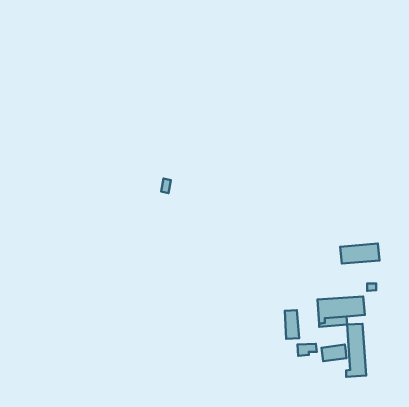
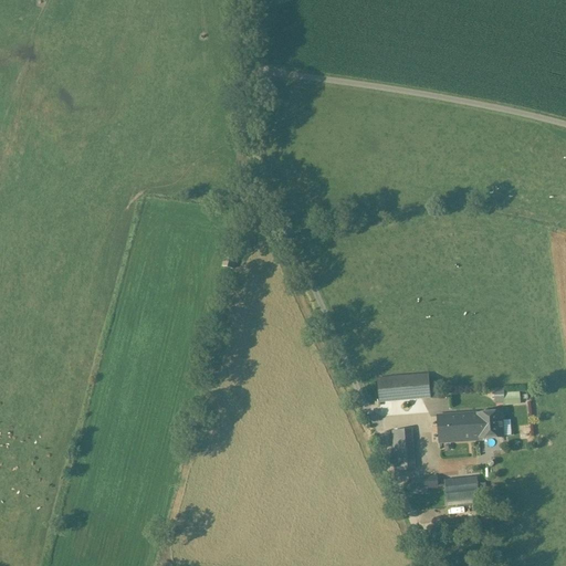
building: [340,244,380,264] -> [376,371,430,399]
building: [346,324,366,377] -> none

